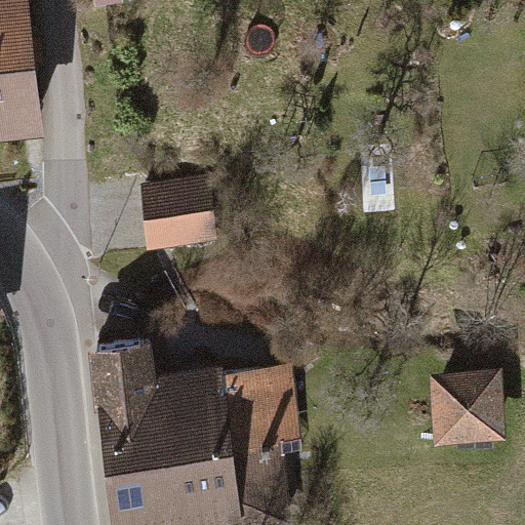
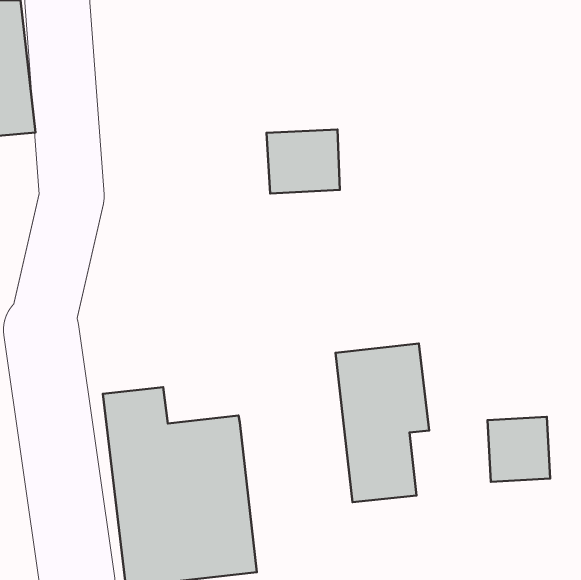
building: [144,183,209,240] -> [267,129,340,193]
building: [215,374,299,517] -> [335,344,429,502]

